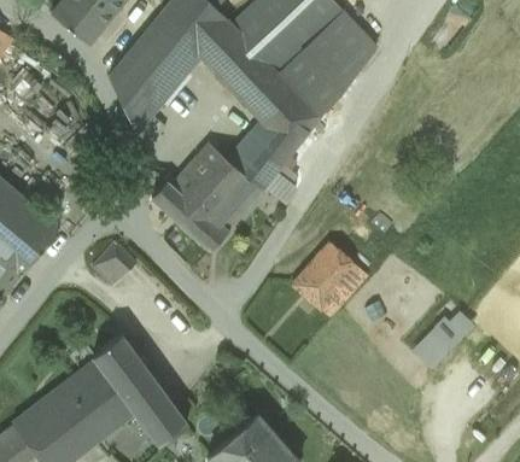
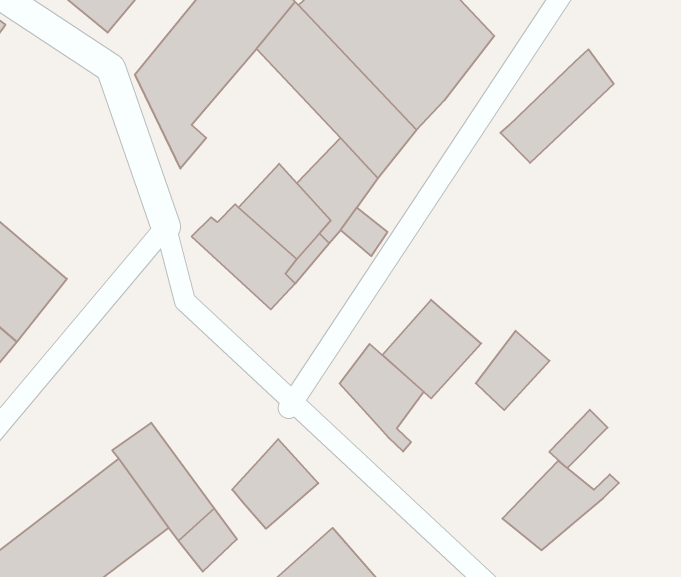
building: none -> [500,49,614,163]
building: [93,245,134,286] -> none
building: none -> [476,331,550,410]
building: none -> [340,344,424,452]
building: none -> [232,439,318,529]
building: none -> [502,461,619,550]

